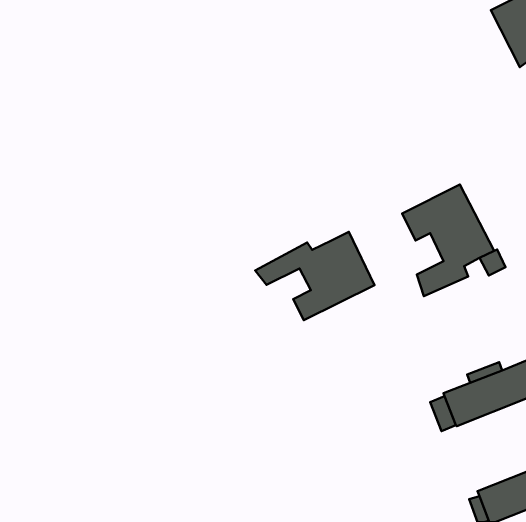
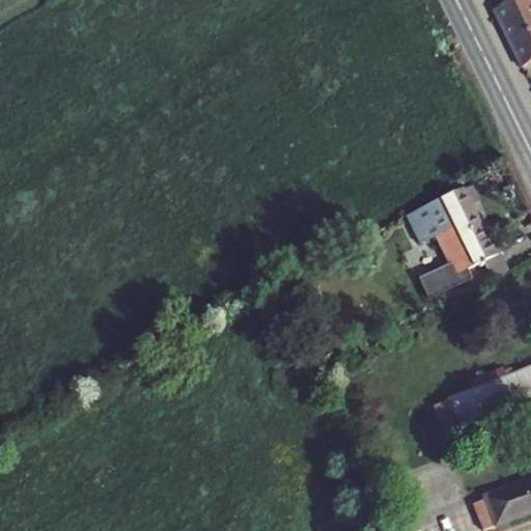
building: [255,232,374,320] -> none

